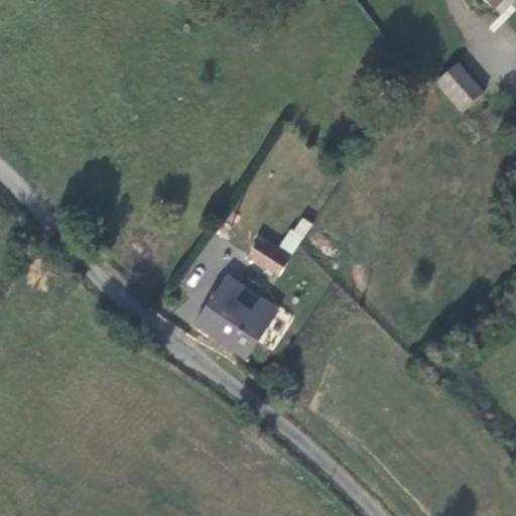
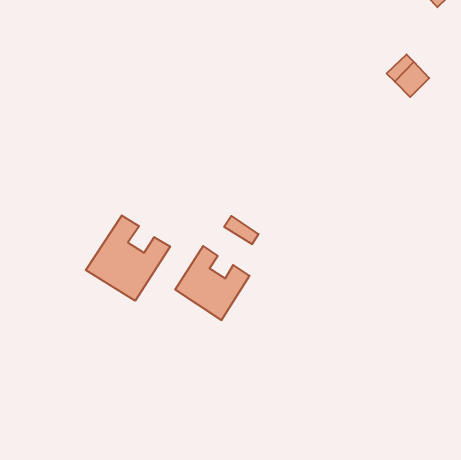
building: none -> [86,215,170,301]

